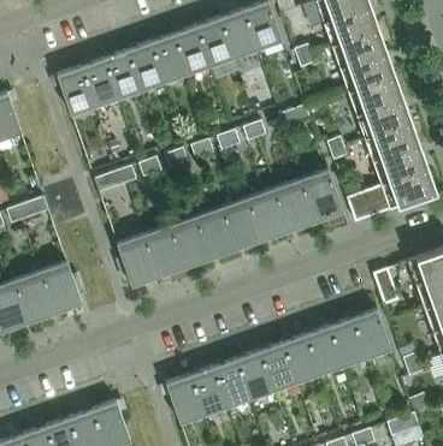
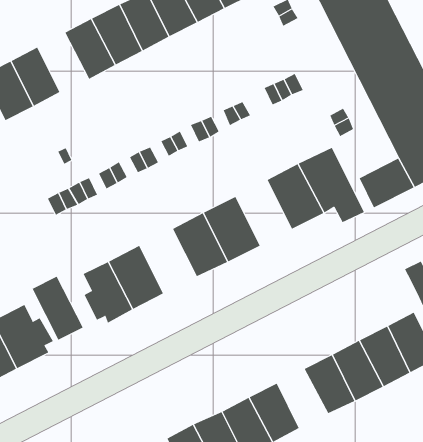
building: [105,50,142,97] -> none
building: [247,189,288,240] -> none
building: [165,218,207,268] -> none
building: none -> [32,276,83,341]
building: [260,343,297,389] -> none

